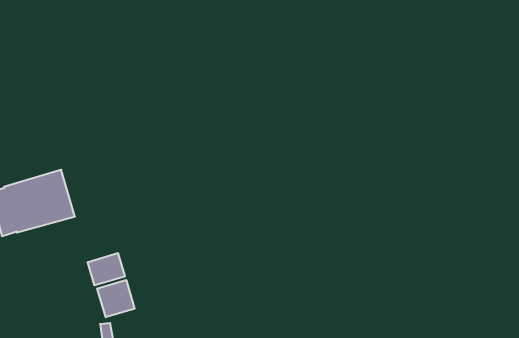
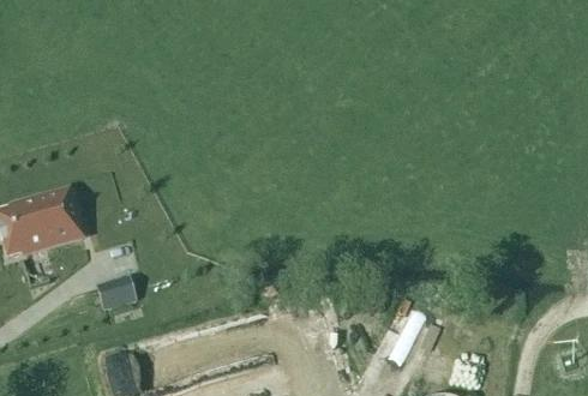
building: [97,280,135,317] -> none

